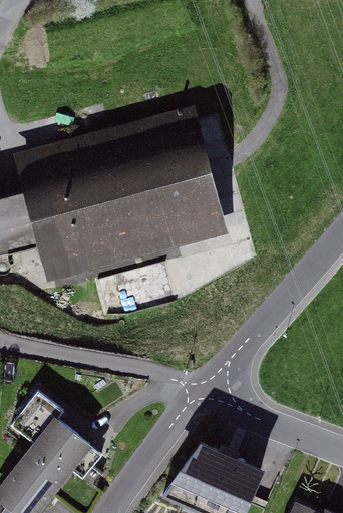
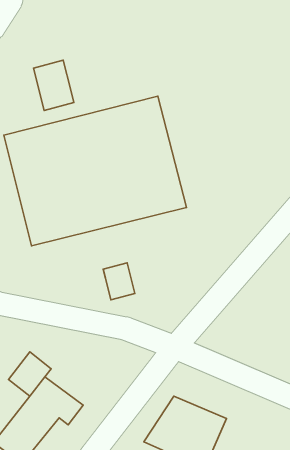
building: none -> [33,60,74,111]
building: none -> [103,263,135,300]

